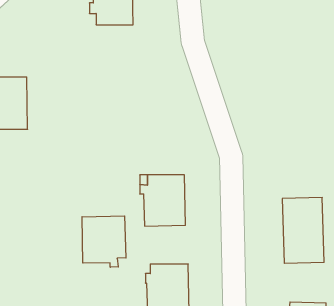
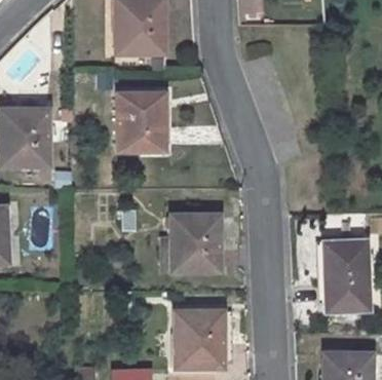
building: none -> [118,92,164,149]
building: [82,216,126,267] -> none

